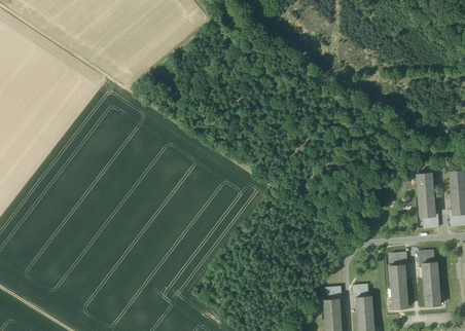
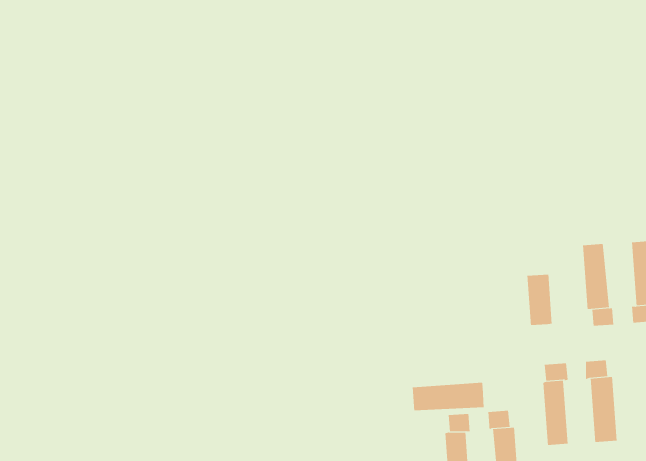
building: none -> [527,274,552,326]
building: none -> [412,382,484,411]

